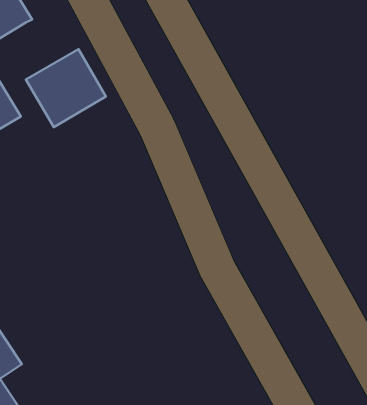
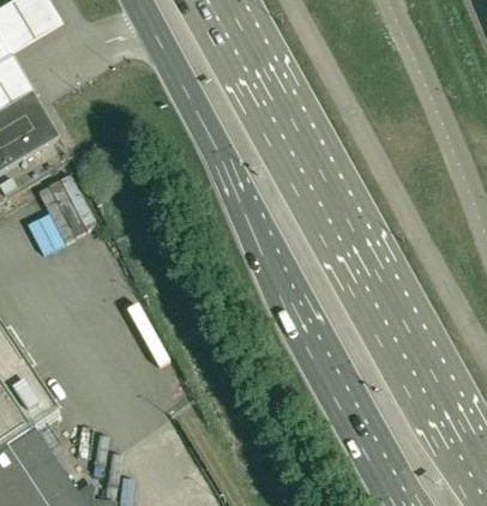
building: [26,49,106,127] -> none

